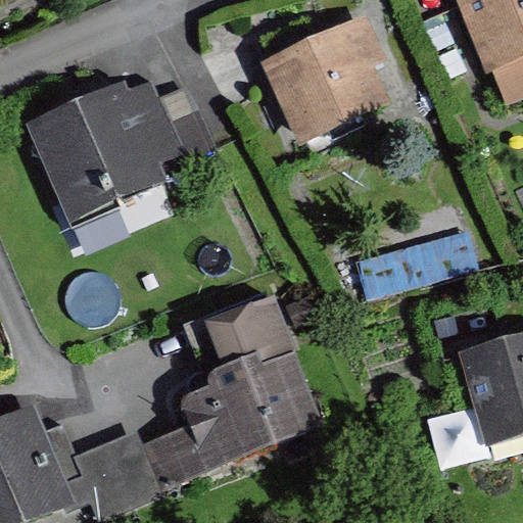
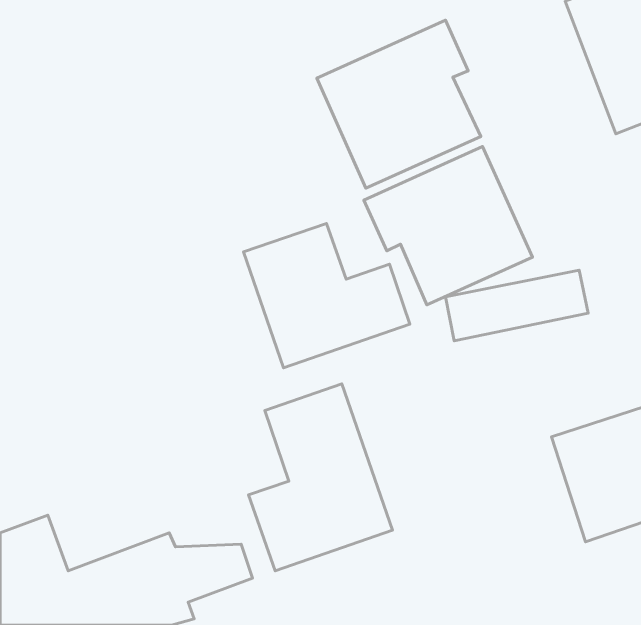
building: [26,79,188,234] -> none
building: none -> [364,147,533,305]
building: none -> [244,223,410,368]

